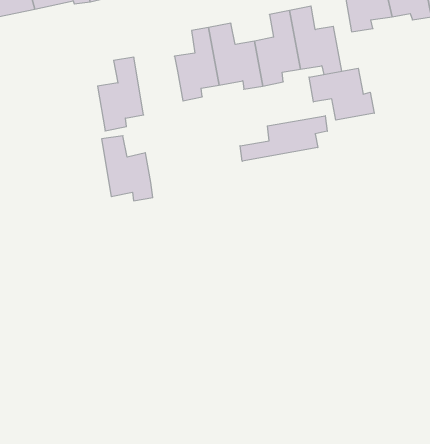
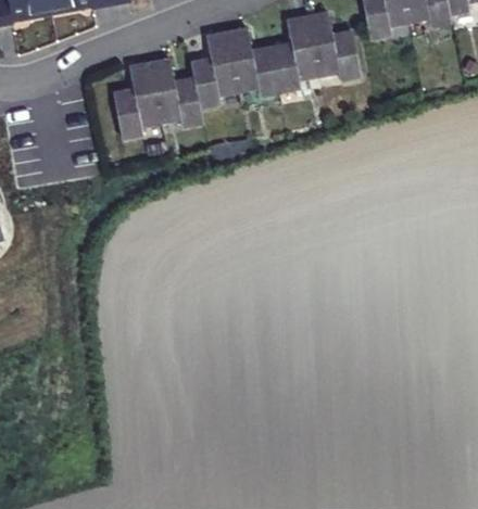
building: [309,68,374,120] -> none
building: [240,116,327,161] -> none
building: [102,136,153,201] -> [149,60,201,126]

